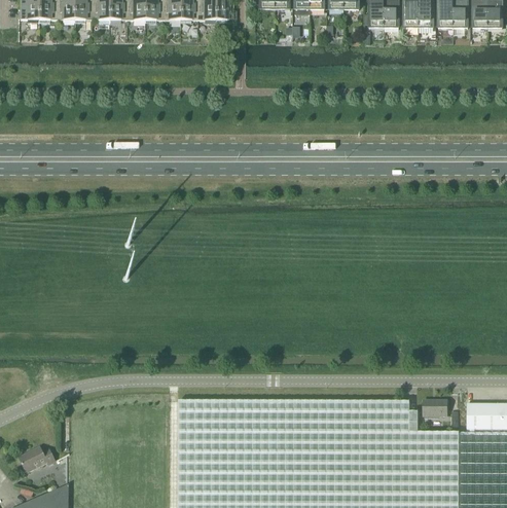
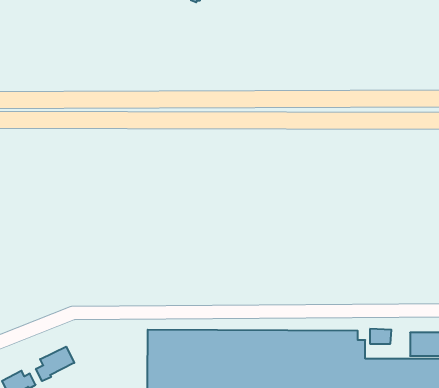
building: none -> [36,347,74,381]

